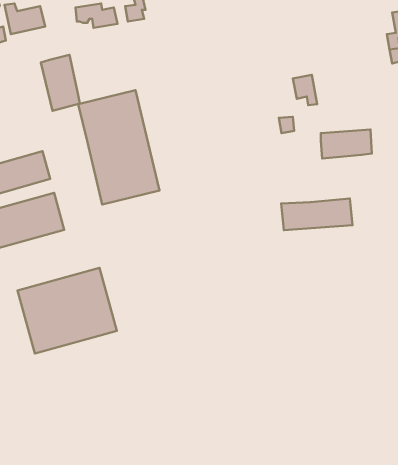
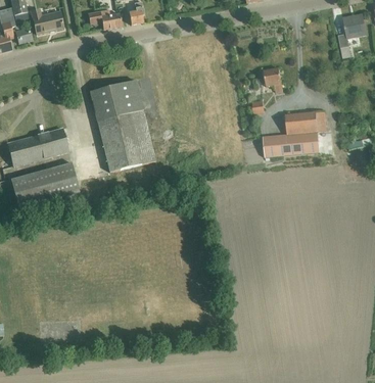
building: [41,55,80,111] -> none
building: [281,198,352,230] -> [263,131,320,156]
building: [17,268,117,354] -> none

